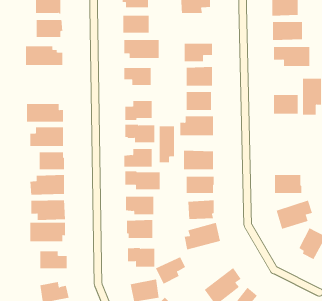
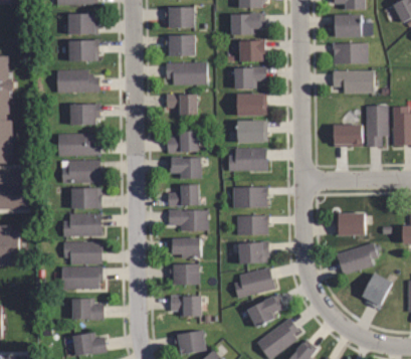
building: none -> [239,40,265,61]
building: none -> [70,103,100,125]
building: [159,125,175,163] -> none
building: [155,256,186,284] -> [249,296,283,327]

